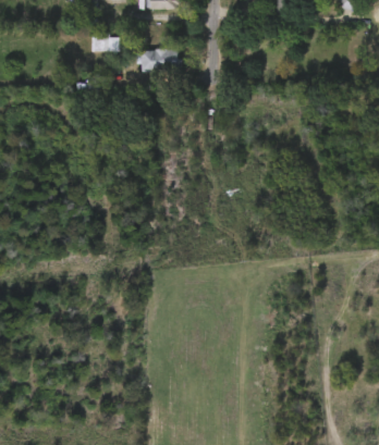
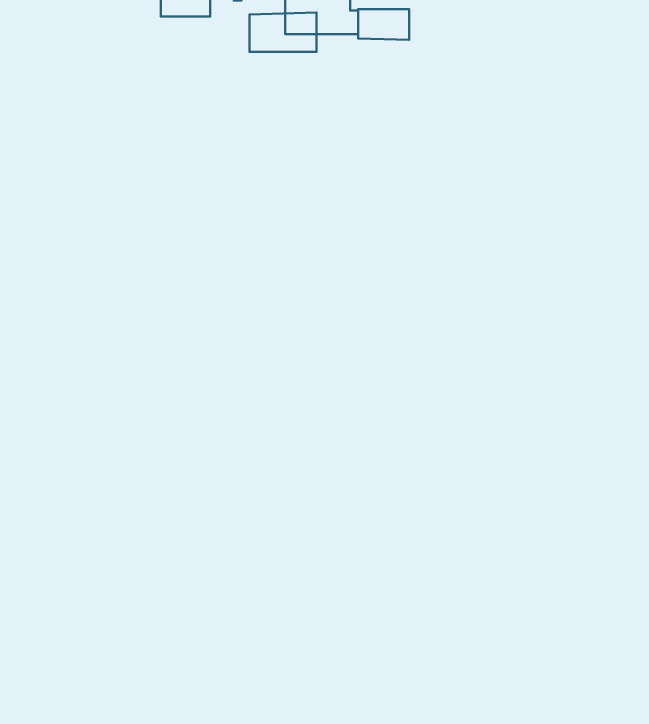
building: none -> [358,9,409,40]

